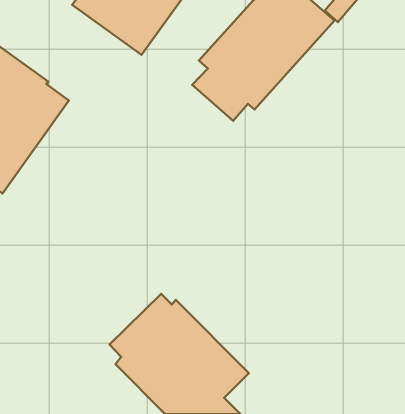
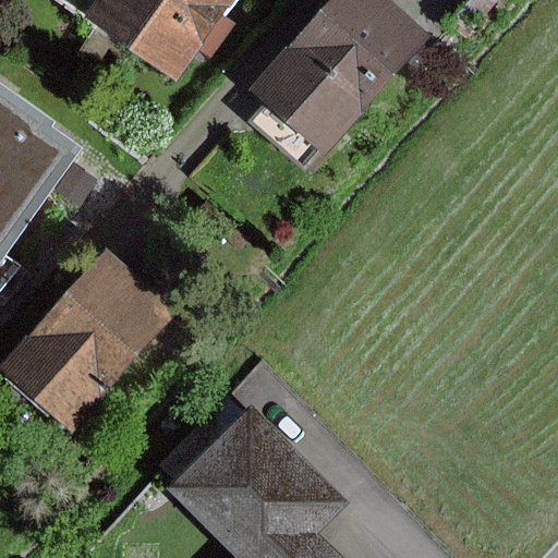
building: none -> [9,239,190,424]

